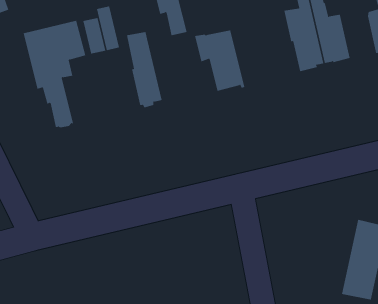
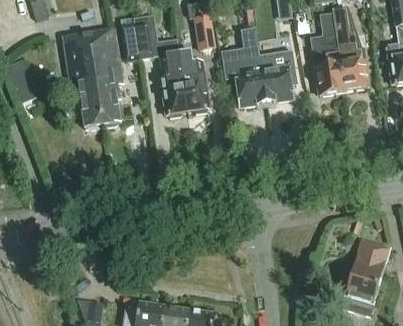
building: none -> [257,42,293,103]
building: none -> [179,48,209,111]
building: none -> [96,61,123,125]

